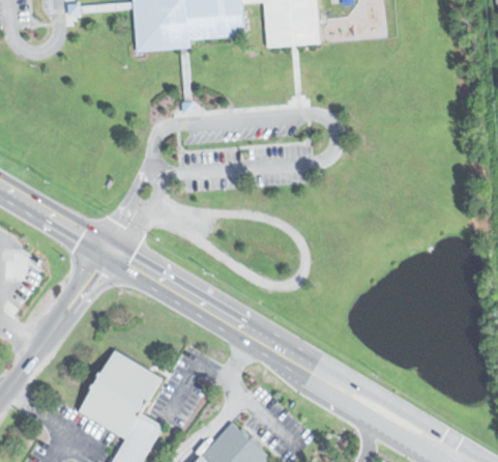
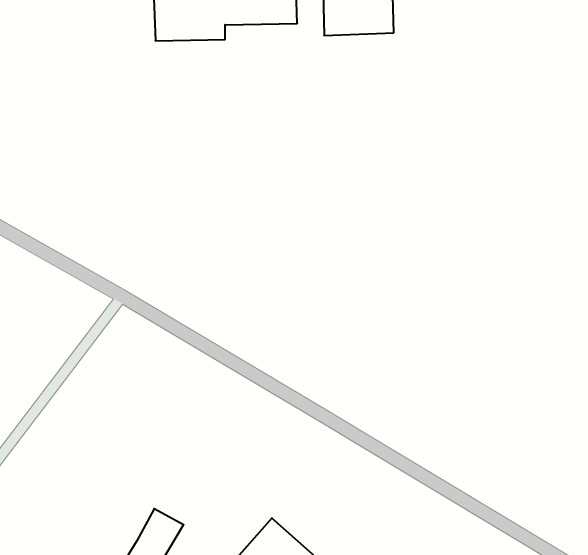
building: [78,352,158,438] -> none

